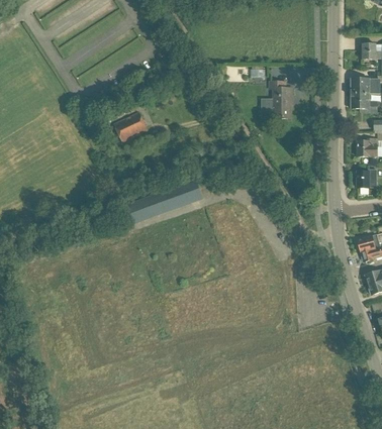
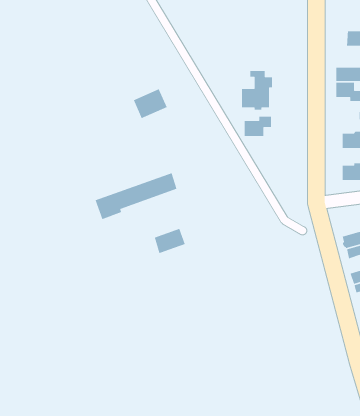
building: [115,111,149,140] -> [133,88,168,119]
building: none -> [244,116,272,137]
building: none -> [154,228,186,254]

